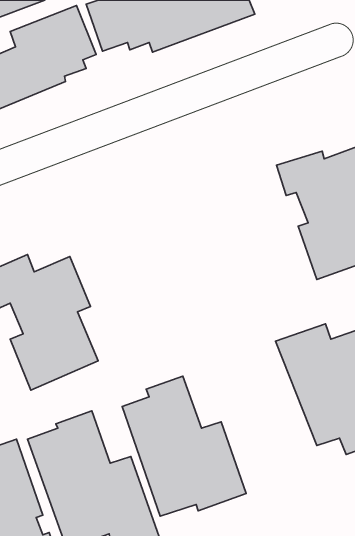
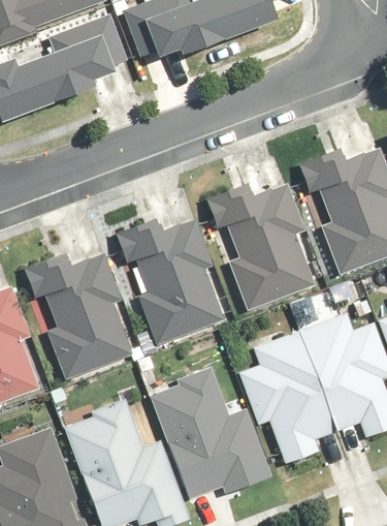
building: none -> [205,183,314,306]
building: none -> [107,215,225,346]
building: none -> [239,332,338,465]

